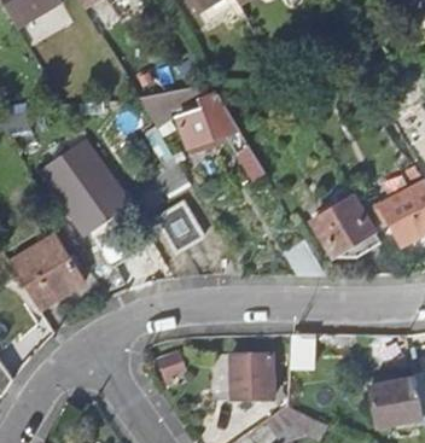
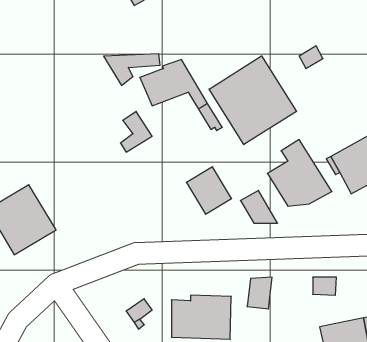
building: none -> [209,56,296,145]
building: [47,142,132,232] -> none
building: [155,199,203,250] -> [186,167,232,214]

